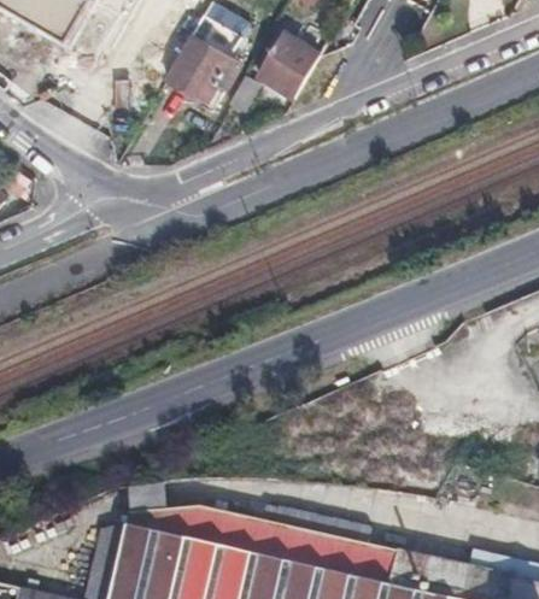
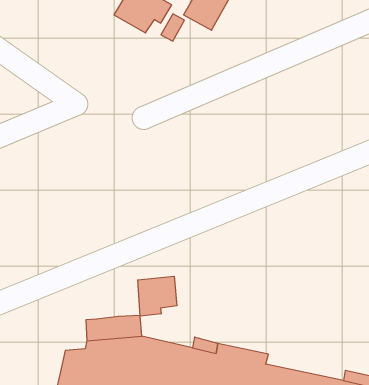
building: none -> [138,276,177,316]

